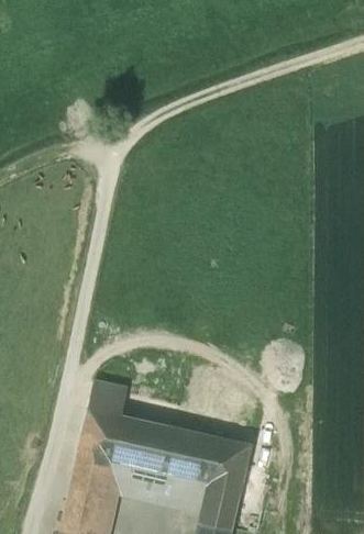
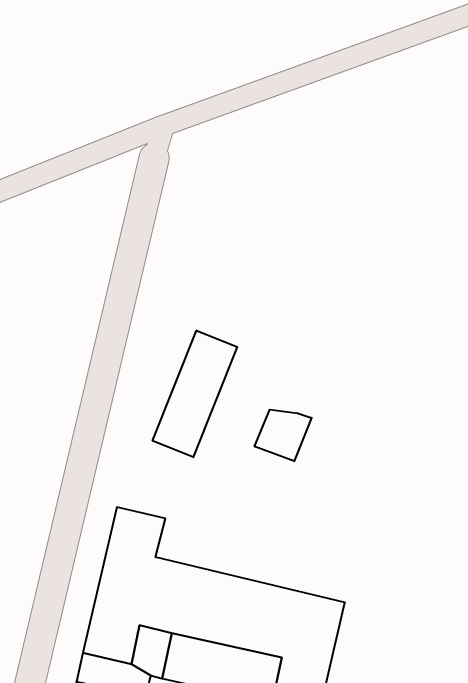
building: none -> [153,330,237,457]
building: none -> [255,410,312,461]

